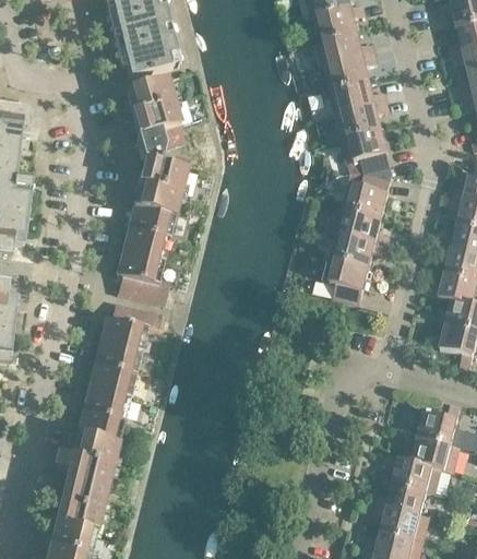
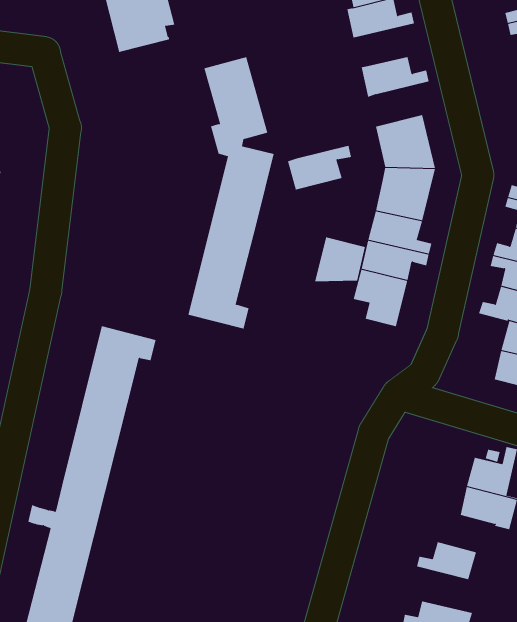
building: [323,53,377,90] -> none
building: [117,79,189,305] -> [188,56,275,329]
building: [335,102,389,139] -> [287,145,352,190]
building: none -> [315,236,366,282]
building: [384,454,441,493] -> none
building: [372,503,429,542] -> none

